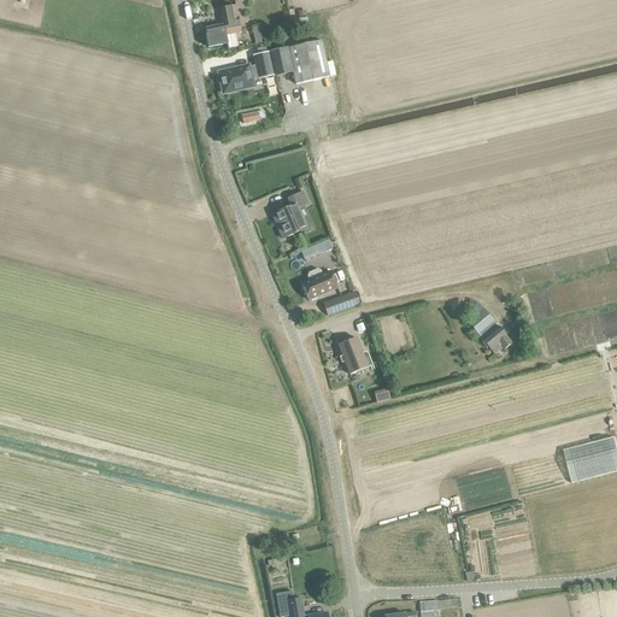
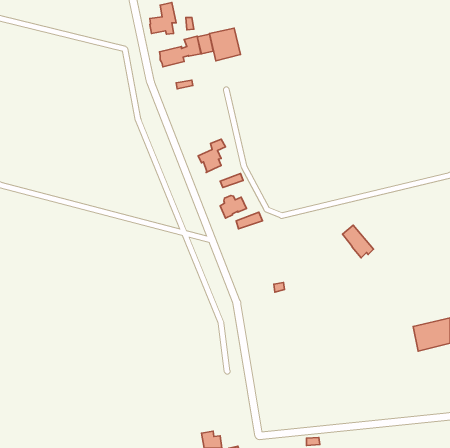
building: [337,336,368,372] -> none

